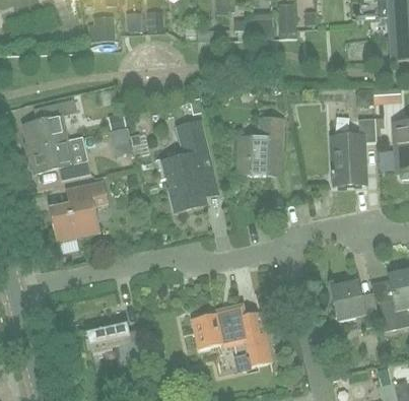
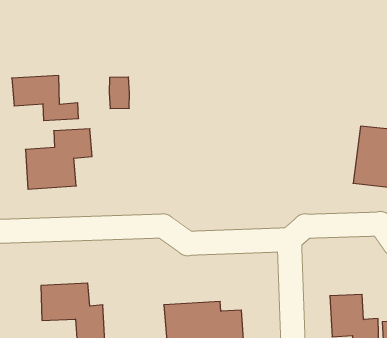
building: [22,97,76,147] -> none
building: [235,117,283,175] -> none
building: [162,119,211,210] -> none

